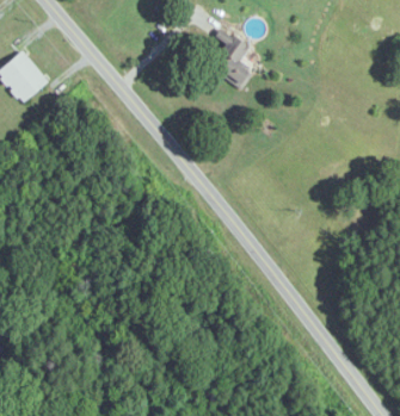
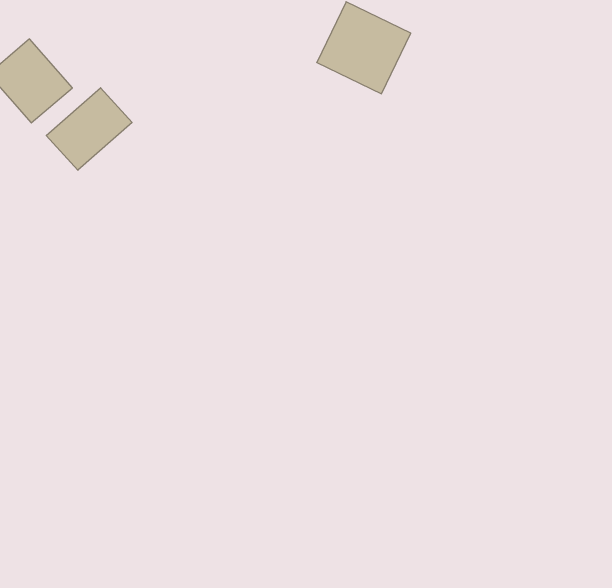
building: none -> [46,88,132,170]

